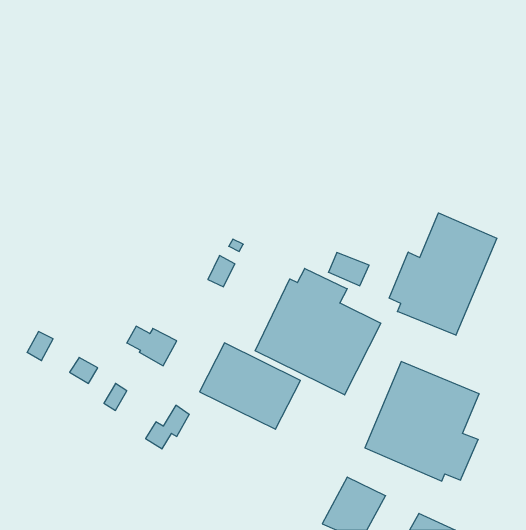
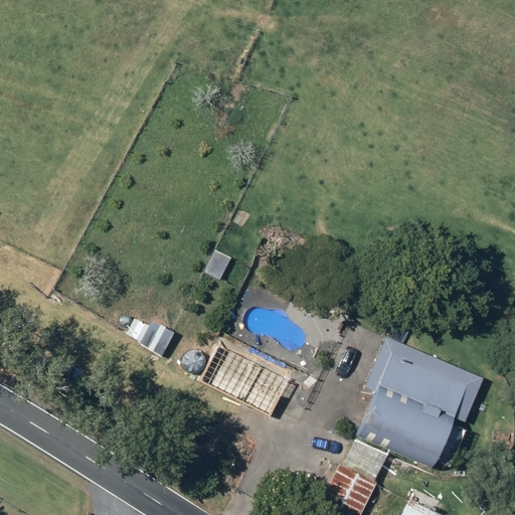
building: [389,213,497,335] -> none
building: [255,268,381,395] -> none

